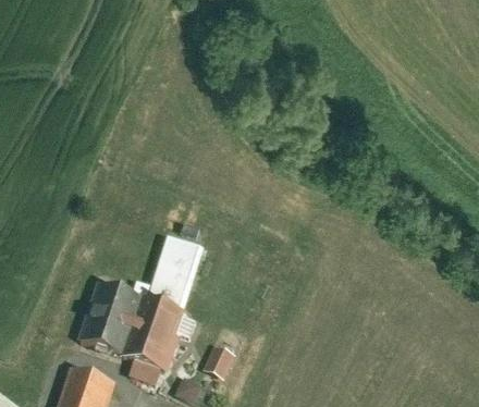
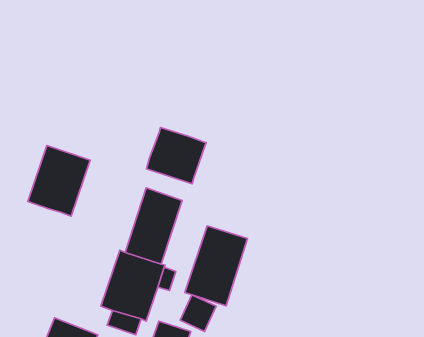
building: none -> [146,127,206,184]
building: none -> [185,226,248,306]
building: [75,281,139,354] -> [28,146,90,216]

